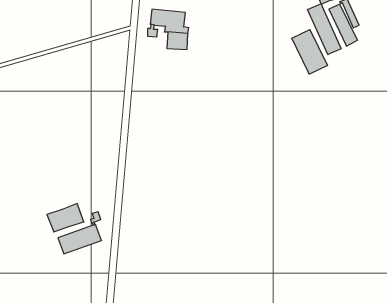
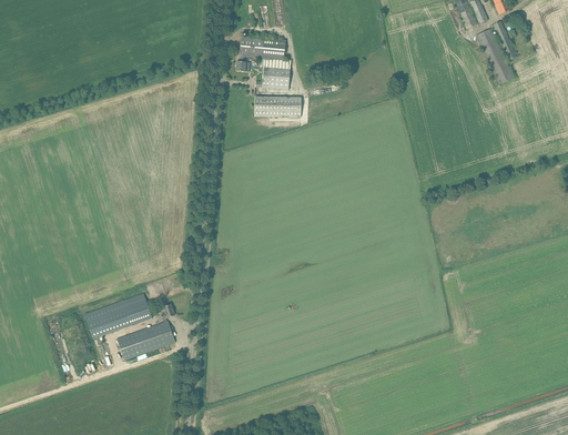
building: [308,4,341,55] -> none
building: [292,30,327,74] -> none
building: none -> [254,97,301,117]

